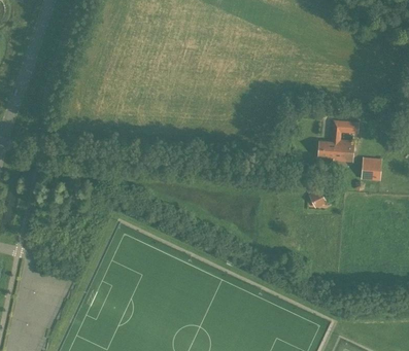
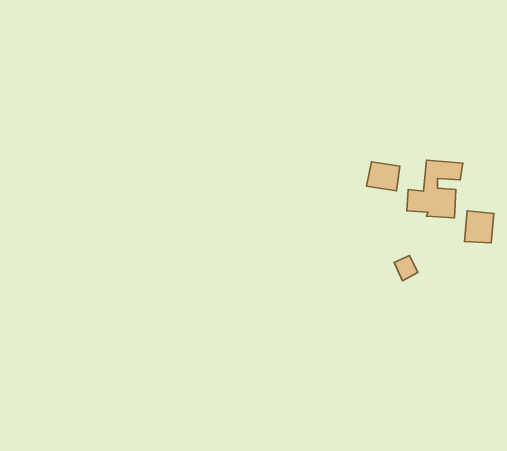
building: none -> [367,162,400,191]

